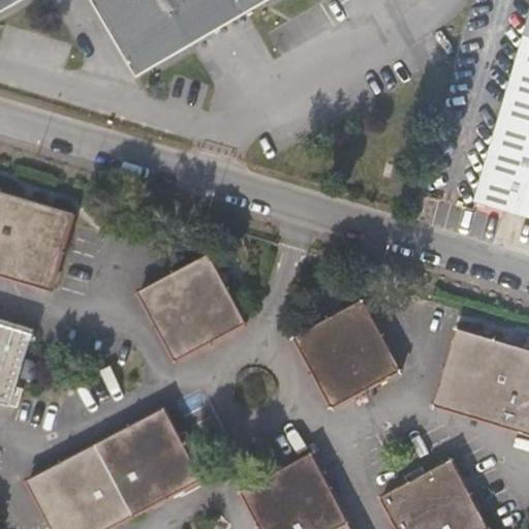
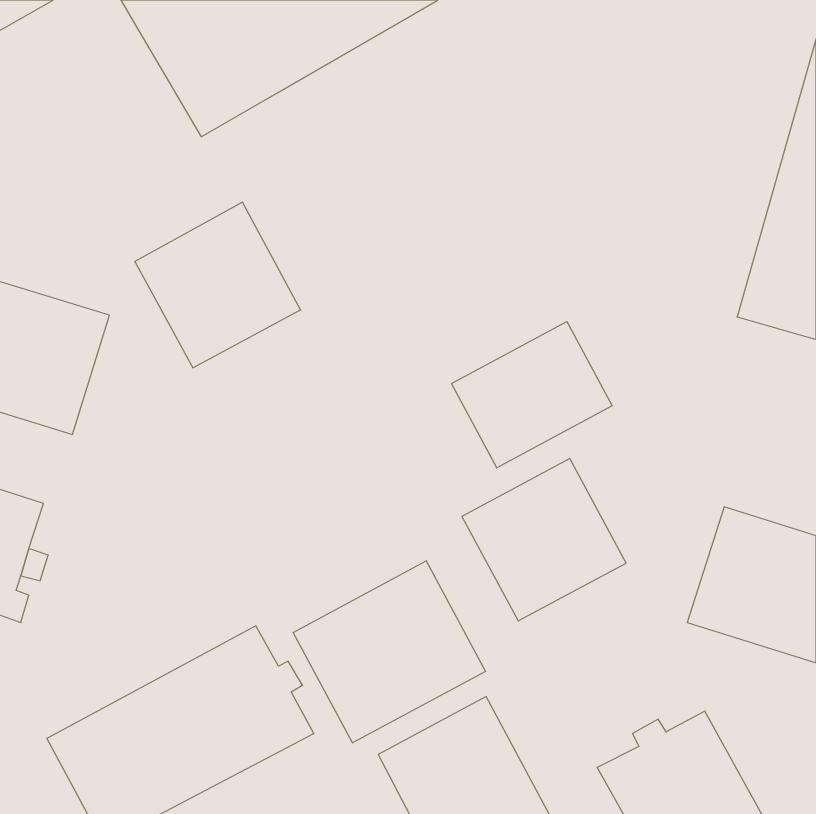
building: none -> [452,322,612,468]
building: [132,250,239,356] -> [135,202,301,368]
building: none -> [293,561,486,743]

